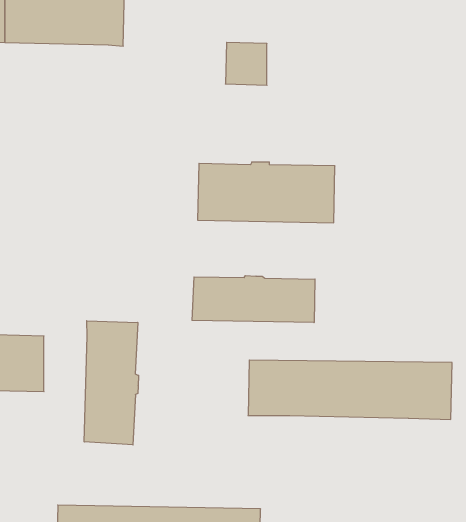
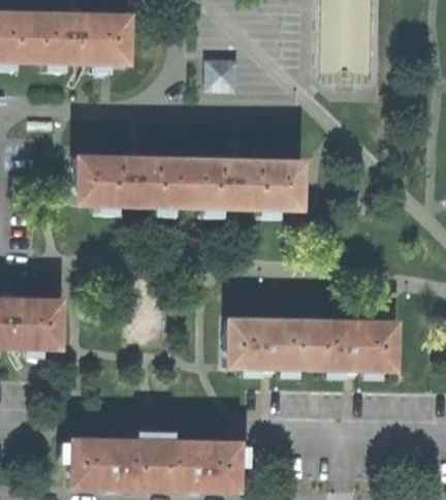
building: none -> [77,156,189,206]
building: [192,276,315,323] -> none
building: [84,321,139,445] -> none

